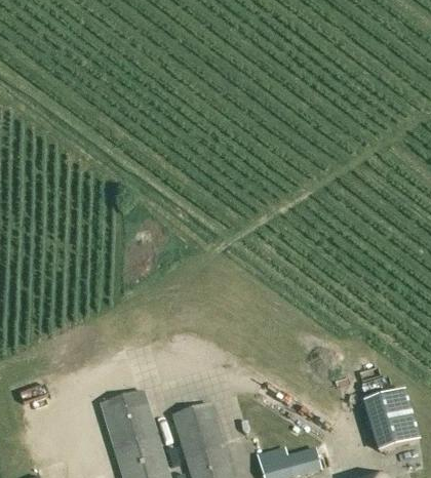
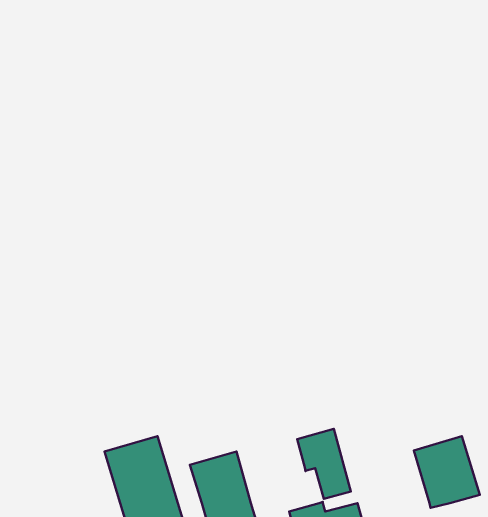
building: none -> [297,429,351,499]

